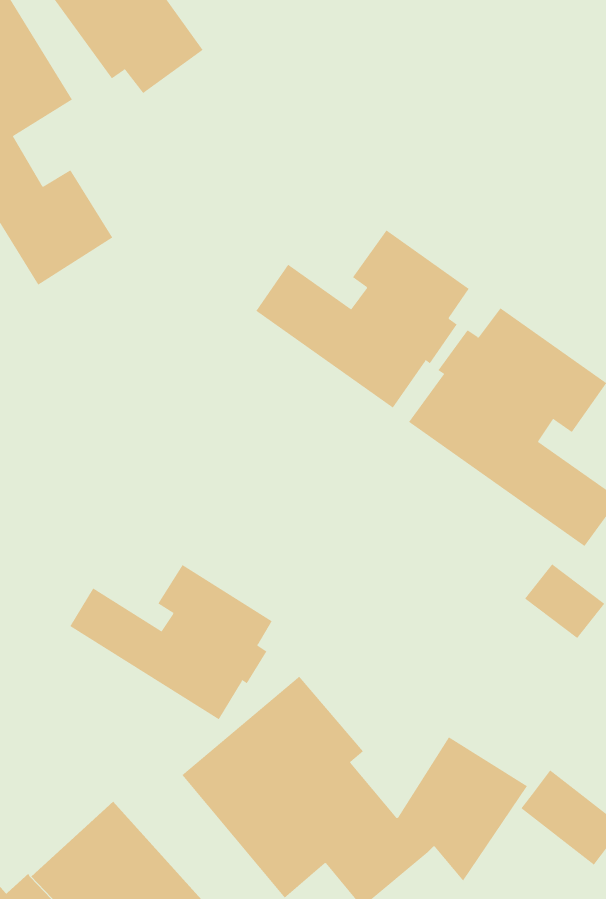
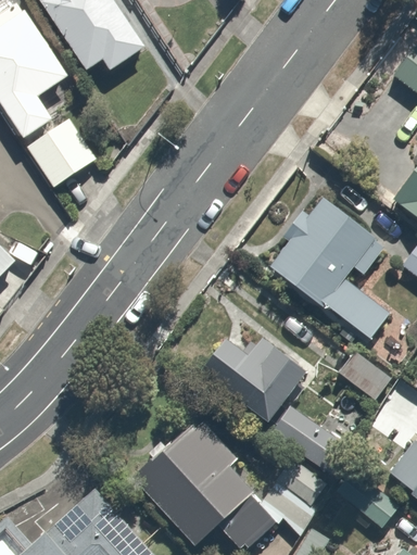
building: [256,230,469,408] -> none
building: none -> [197,335,351,474]
building: [70,564,272,720] -> none

